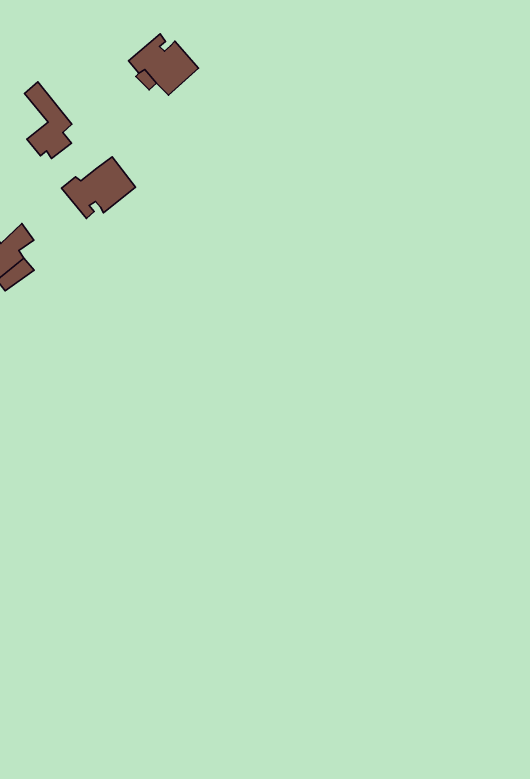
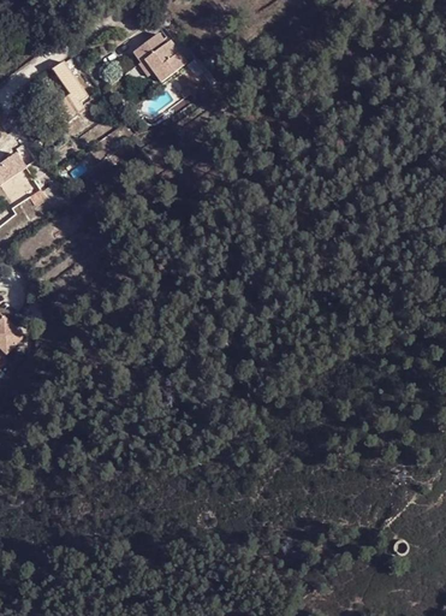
building: [62,157,136,219] -> none

